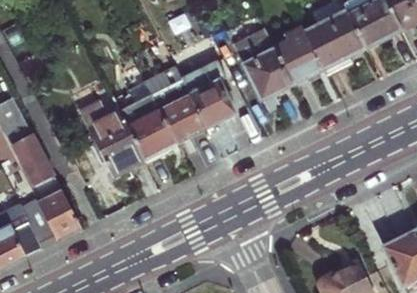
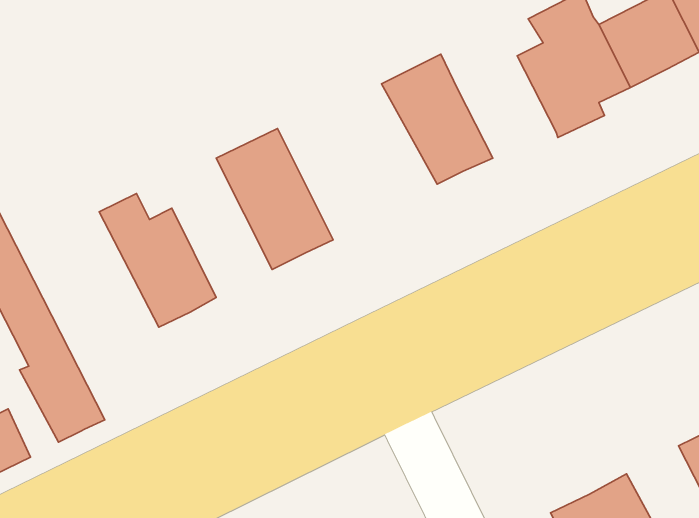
building: [268,29,321,88] -> none
building: [171,64,230,132] -> none
building: [114,100,168,163] -> none

